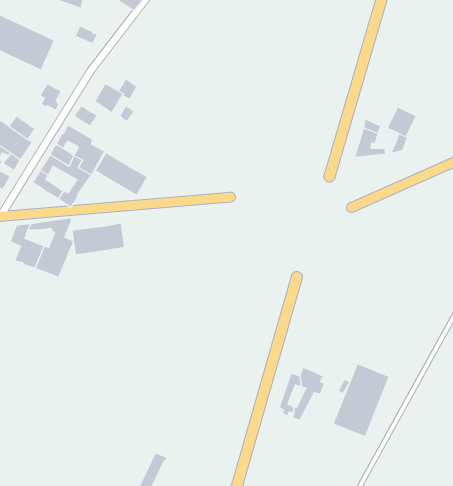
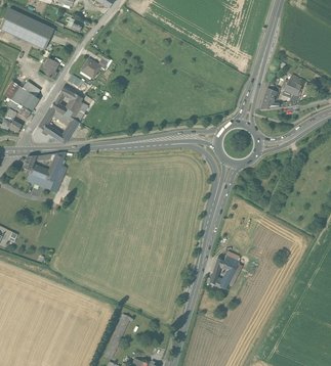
building: [95,153,148,195] -> none
building: [72,223,124,255] -> none
building: [333,363,389,437] -> none

